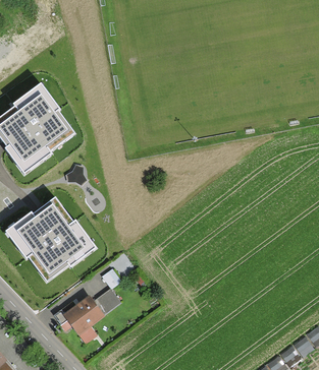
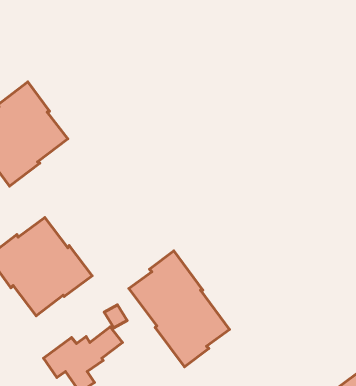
building: none -> [129,251,229,367]

